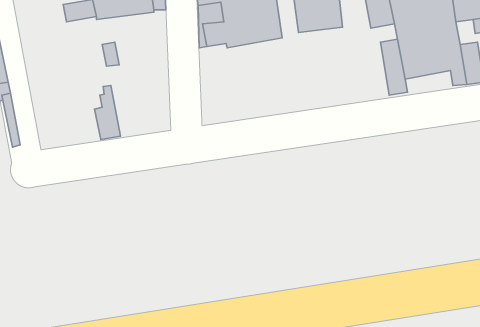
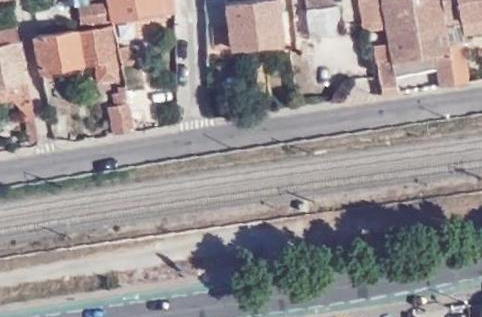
building: none -> [34,27,117,84]

